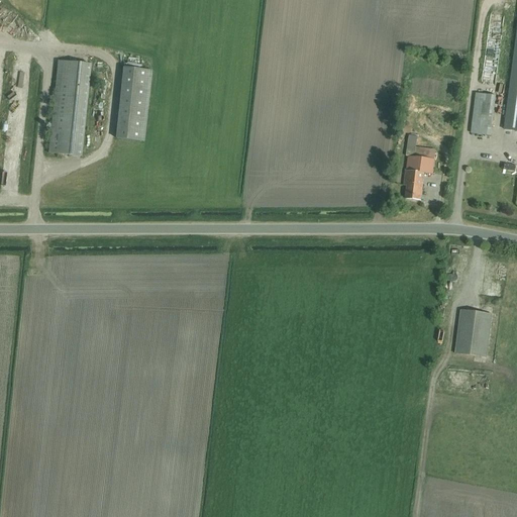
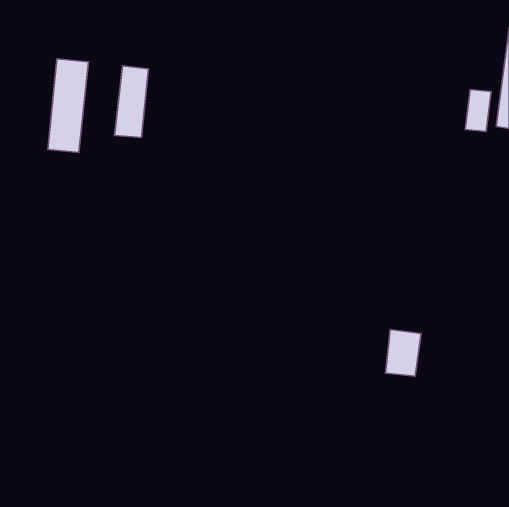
building: [403,133,435,199] -> none
building: [455,308,492,355] -> [385,329,421,376]

